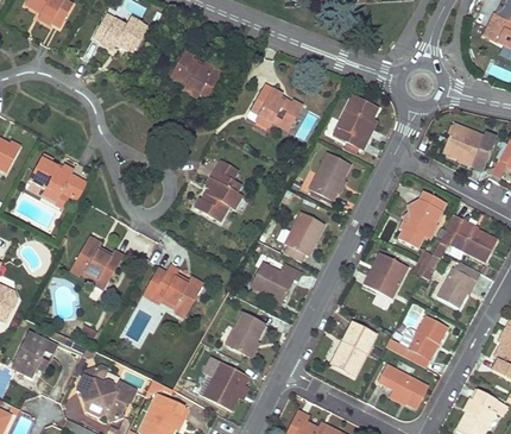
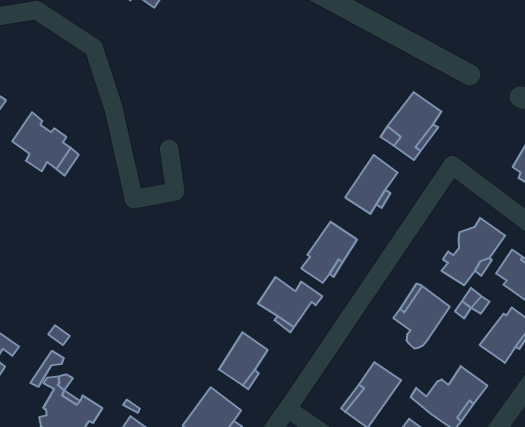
building: [170,50,223,96] -> none
building: [250,83,303,130] -> none
building: [195,158,242,221] -> none
building: [70,237,124,288] -> none
building: [143,264,203,317] -> none

